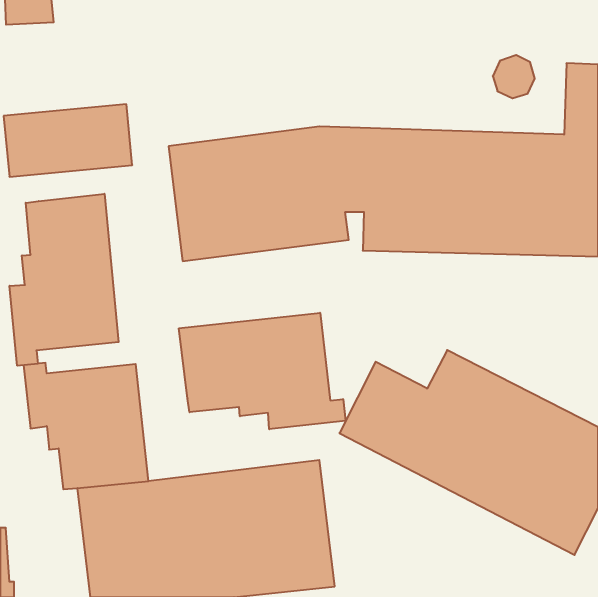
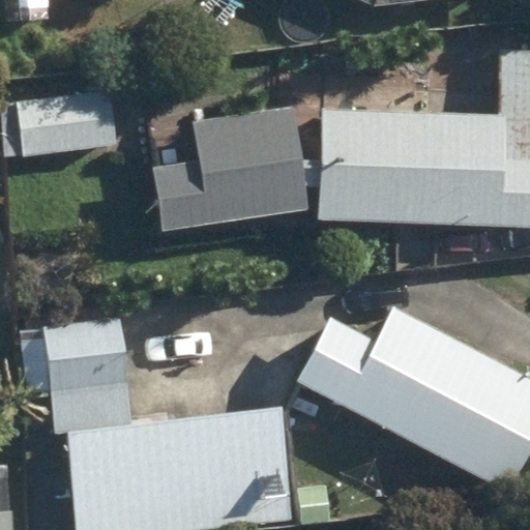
building: [10,194,119,366] -> none
building: [179,313,346,429] -> none

